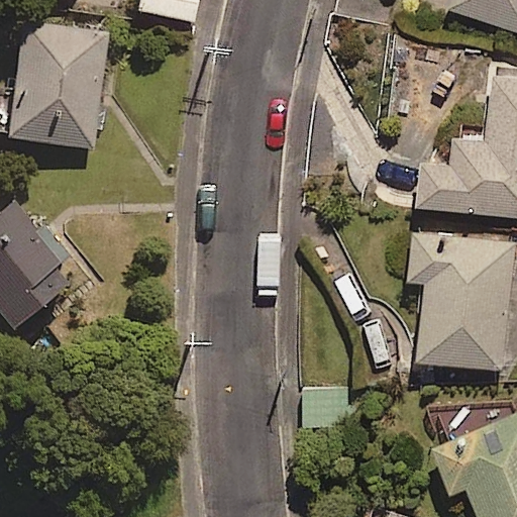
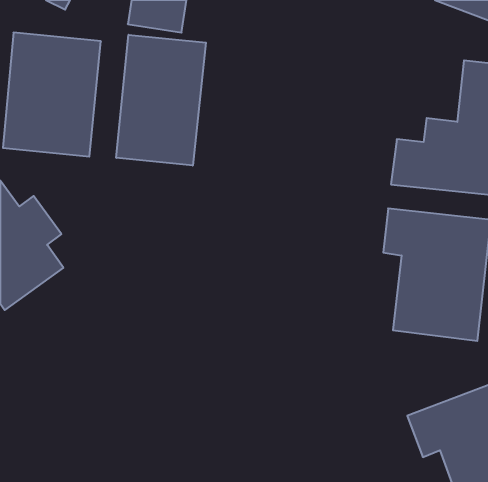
building: none -> [116,35,206,166]

